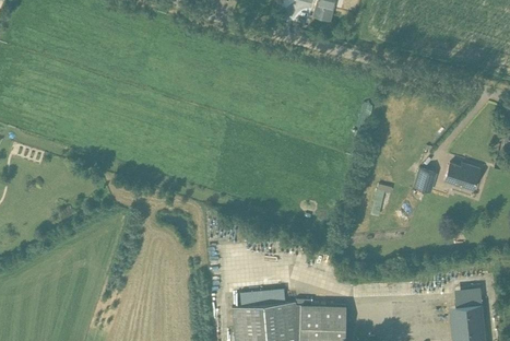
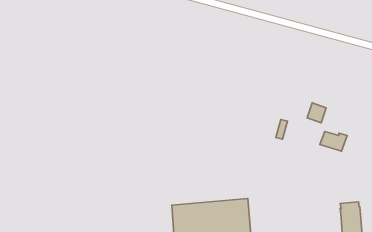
building: [443,163,479,189] -> [320,131,347,151]

